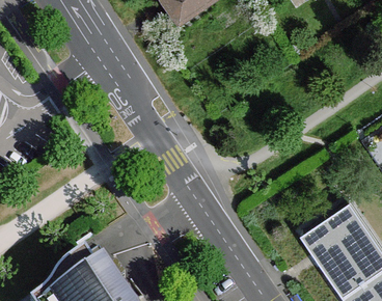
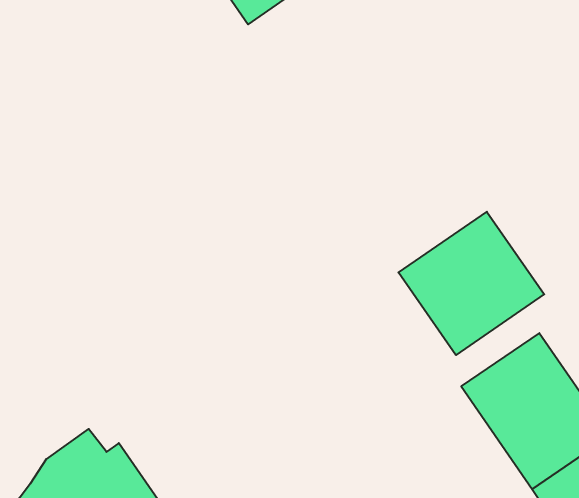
building: none -> [398,212,544,355]

